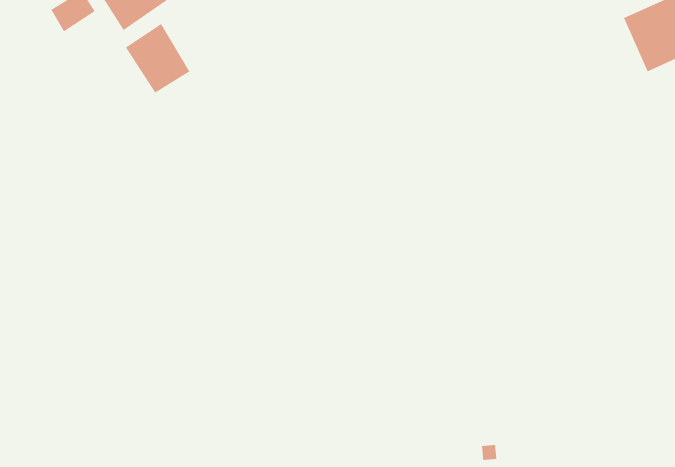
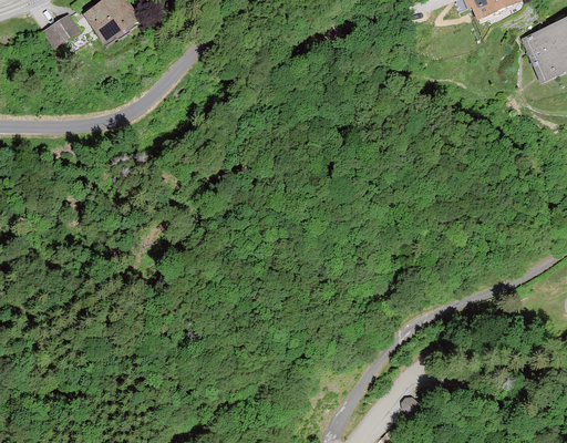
building: [125,23,190,94] -> none

